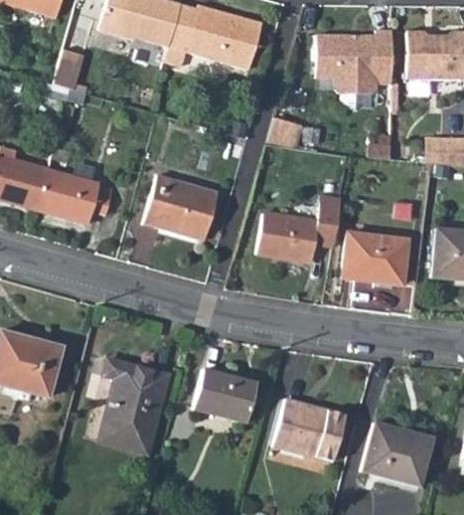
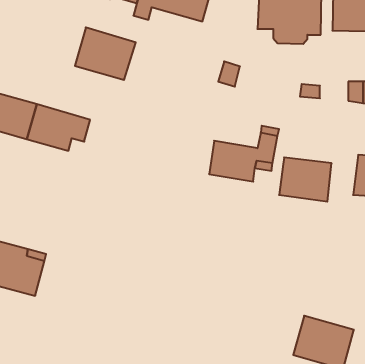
building: [55,49,86,89] -> none
building: [144,174,217,237] -> [75,27,136,80]
building: [100,360,167,454] -> none
building: [195,371,255,422] -> none
building: [274,399,344,461] -> none

